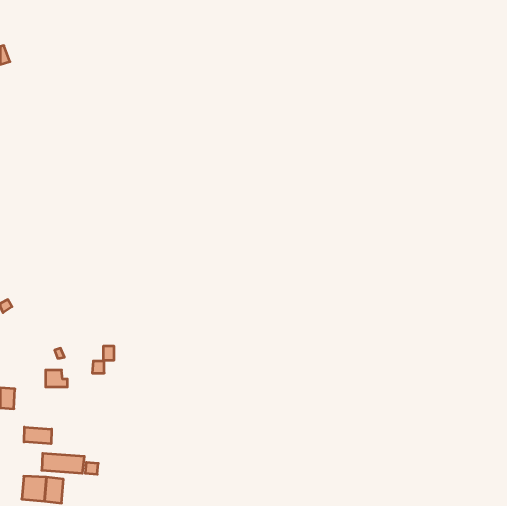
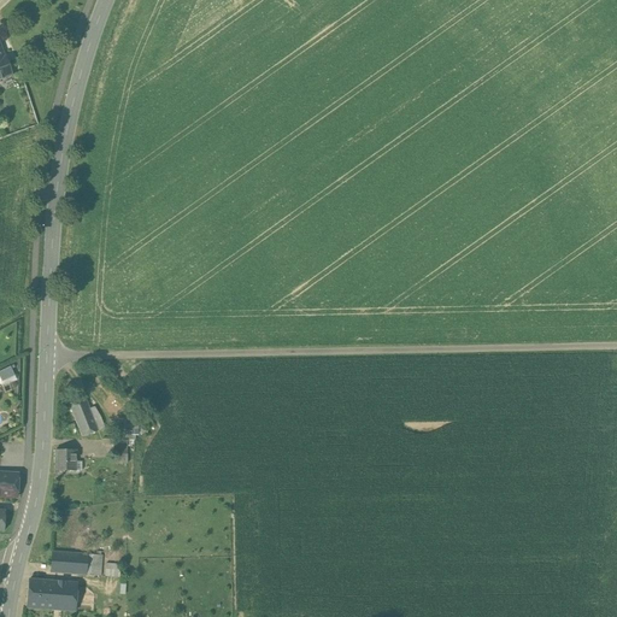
building: none -> [69,396,104,436]
building: [24,427,52,444] -> none

